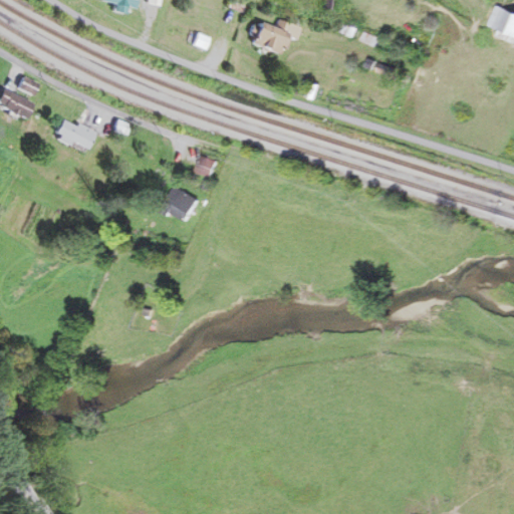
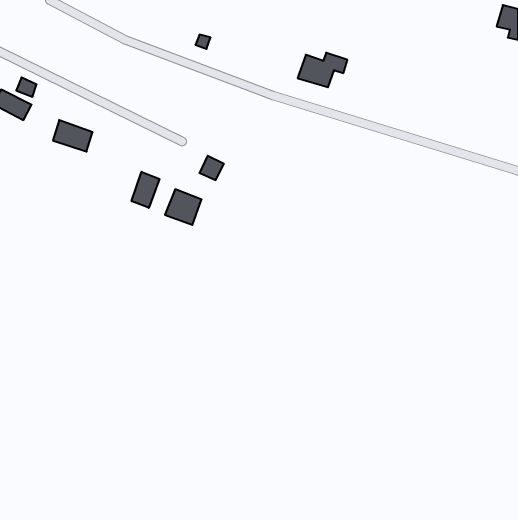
building: [252,19,301,53] -> [298,53,347,87]
building: none -> [132,172,160,208]

